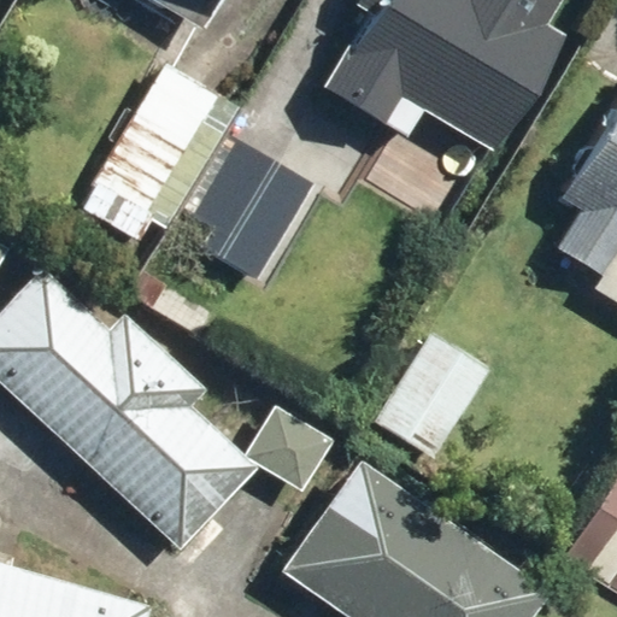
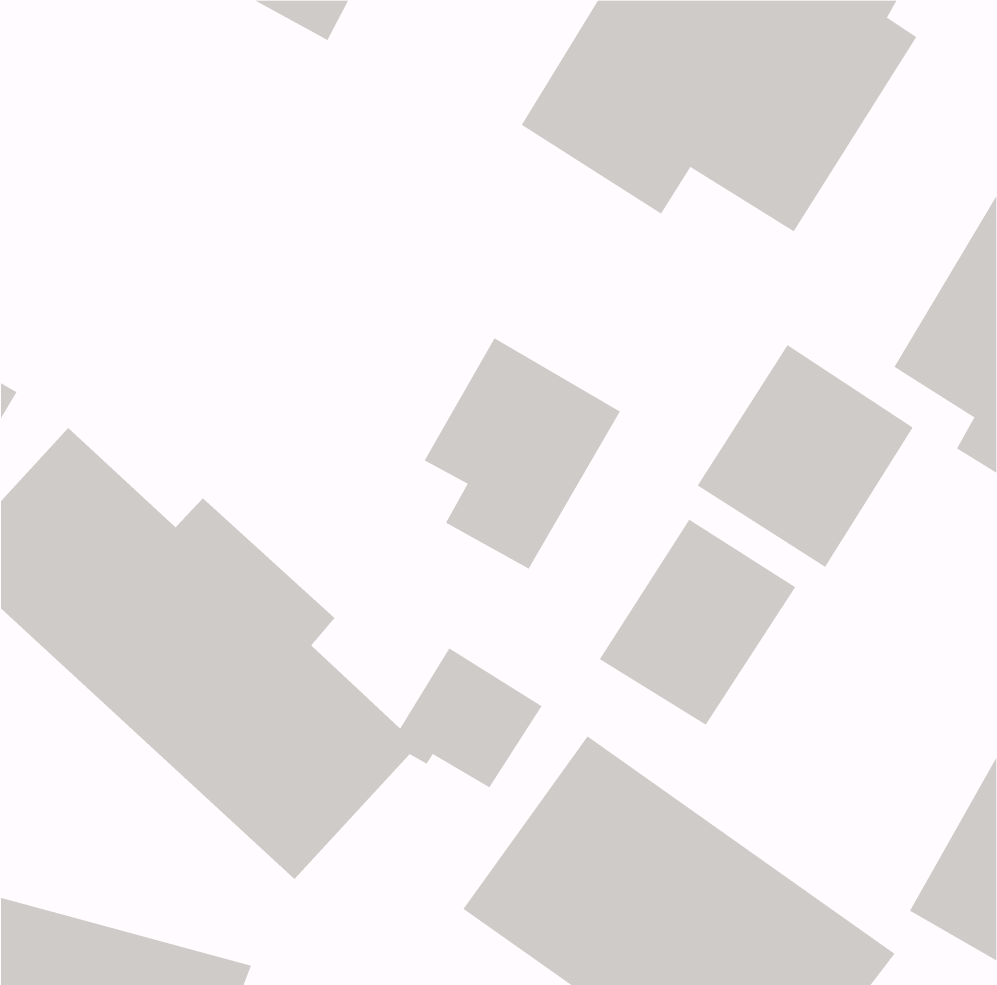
building: [83,58,228,241] -> none
building: [188,134,310,277] -> [424,338,621,570]
building: none -> [697,344,914,568]

